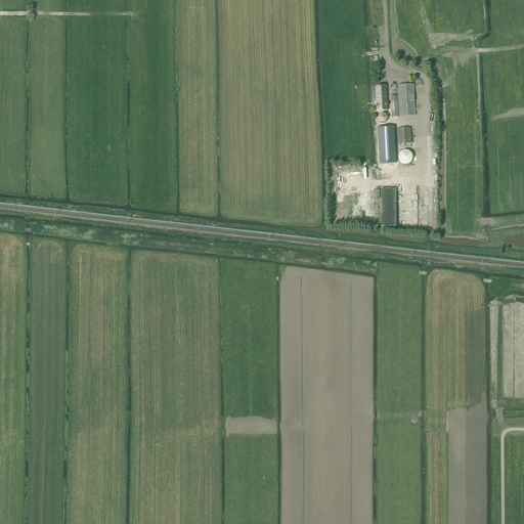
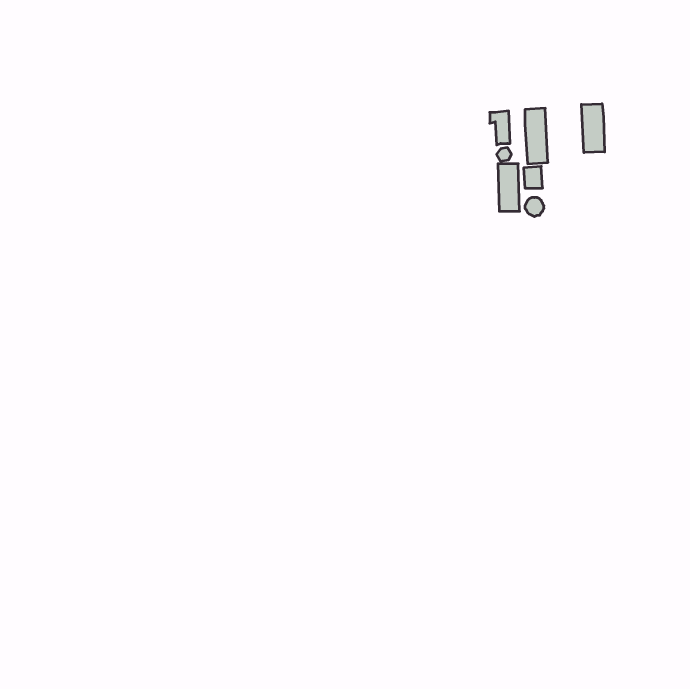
building: none -> [581,104,605,153]
building: [380,187,395,224] -> none

